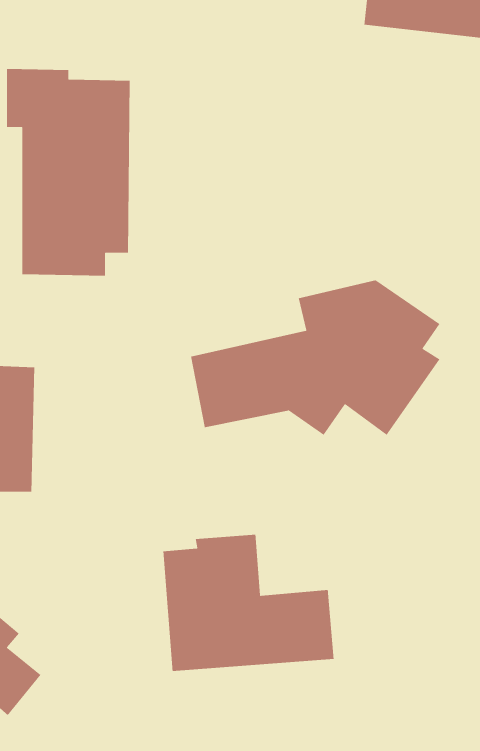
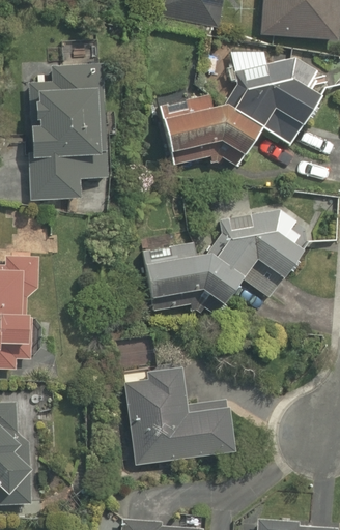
building: none -> [161,51,327,159]

